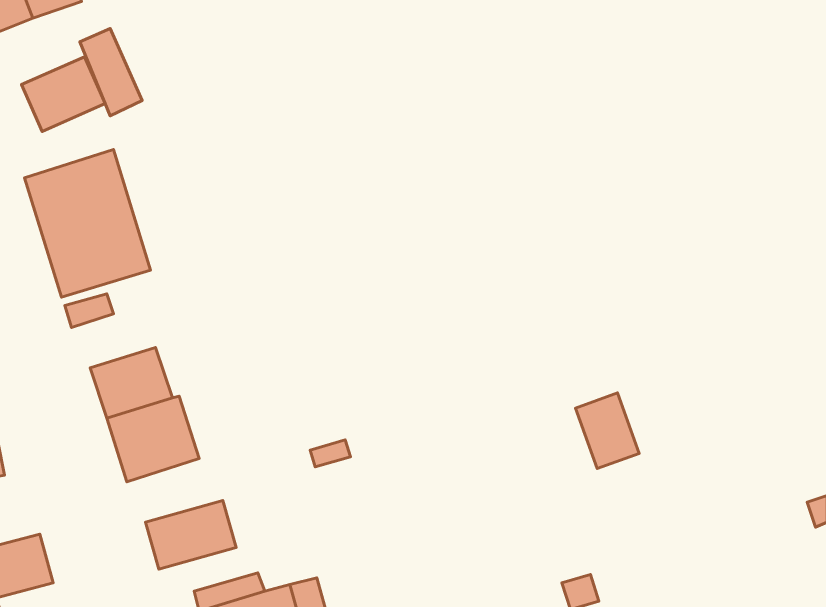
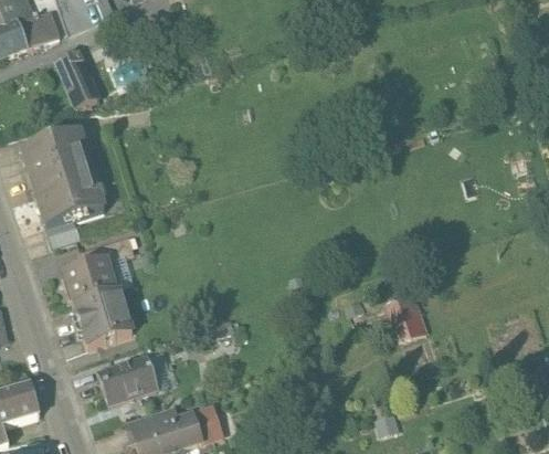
building: [21,57,105,131] -> none

